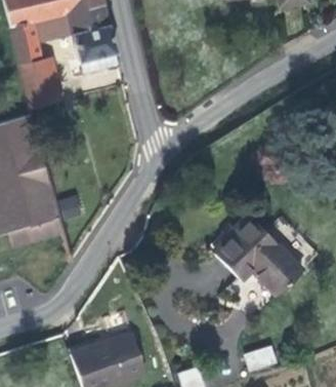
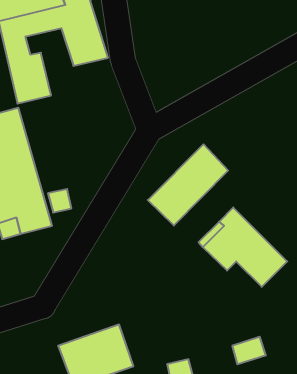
building: none -> [148,144,228,226]

